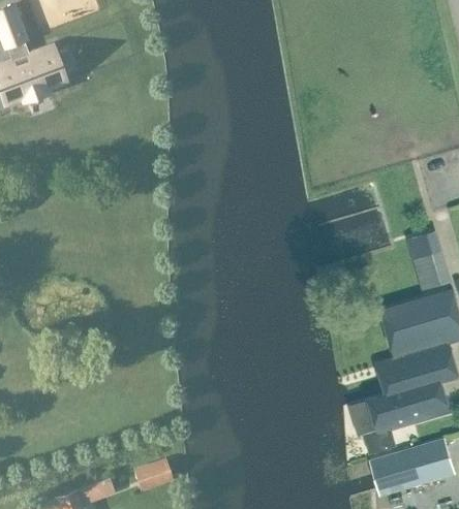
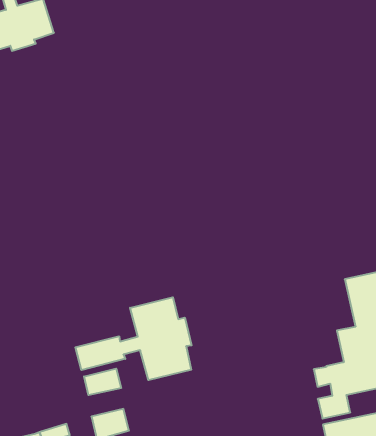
building: none -> [75,297,192,380]
building: none -> [84,369,121,395]

